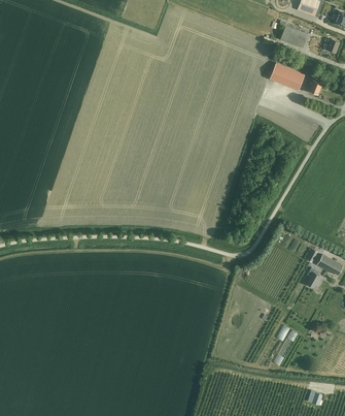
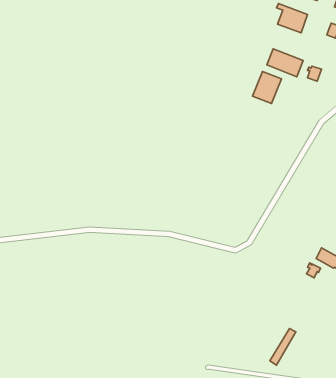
building: none -> [253,71,281,104]

